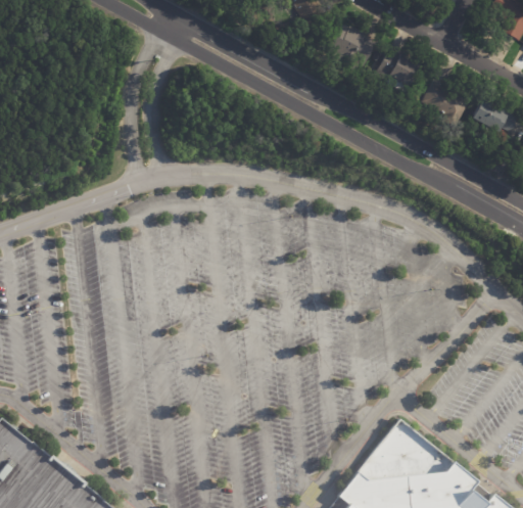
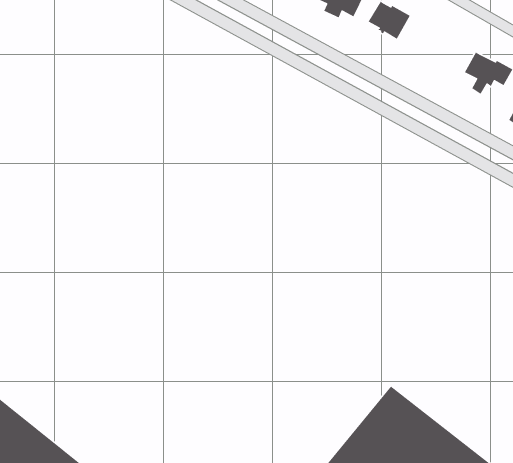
building: [420,85,467,121] -> none

